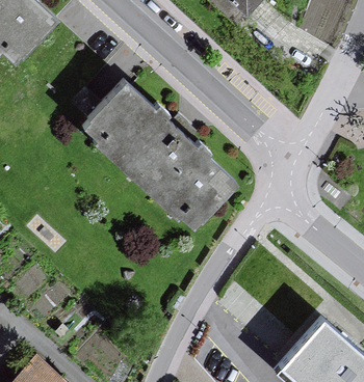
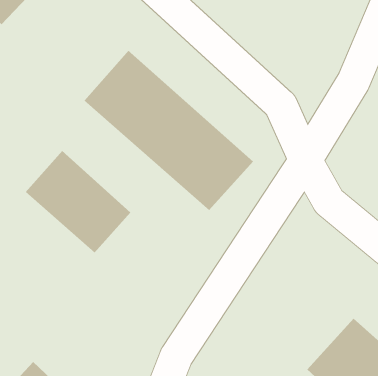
building: none -> [25,150,131,253]

